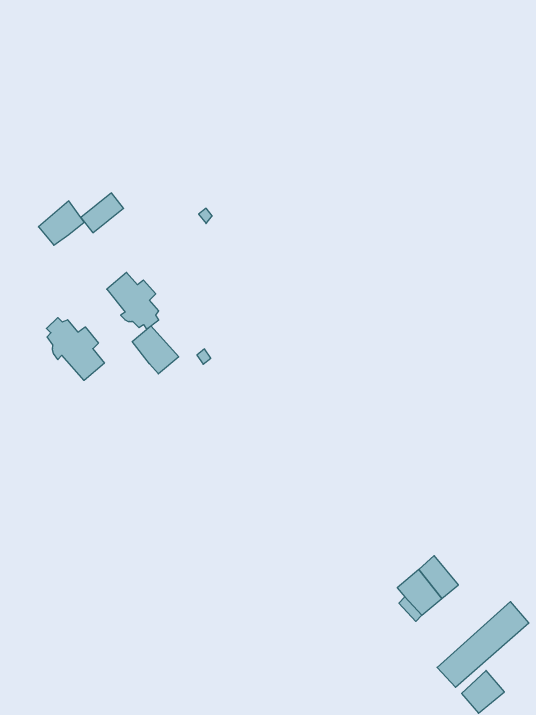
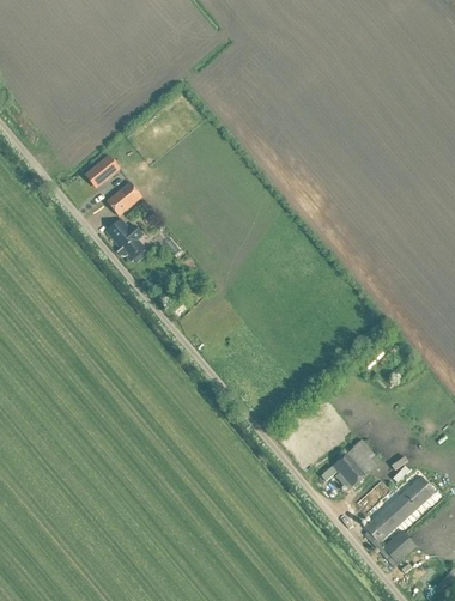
building: [38,201,84,245] -> [105,181,141,215]
building: [46,318,104,380] -> none
building: [132,326,179,374] -> none

